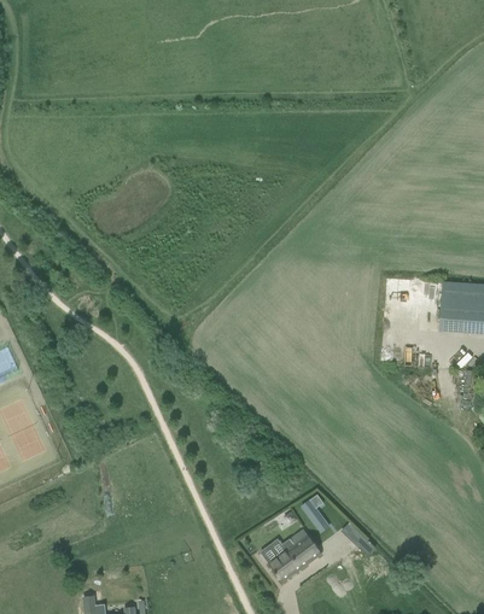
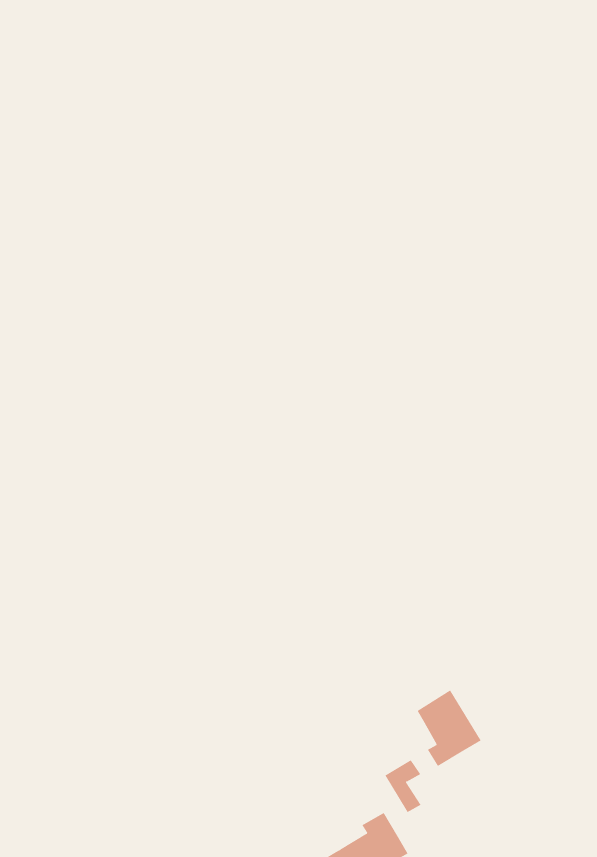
building: none -> [417,689,481,767]

